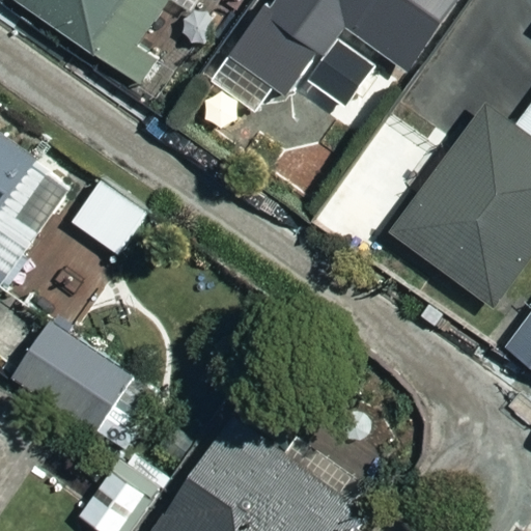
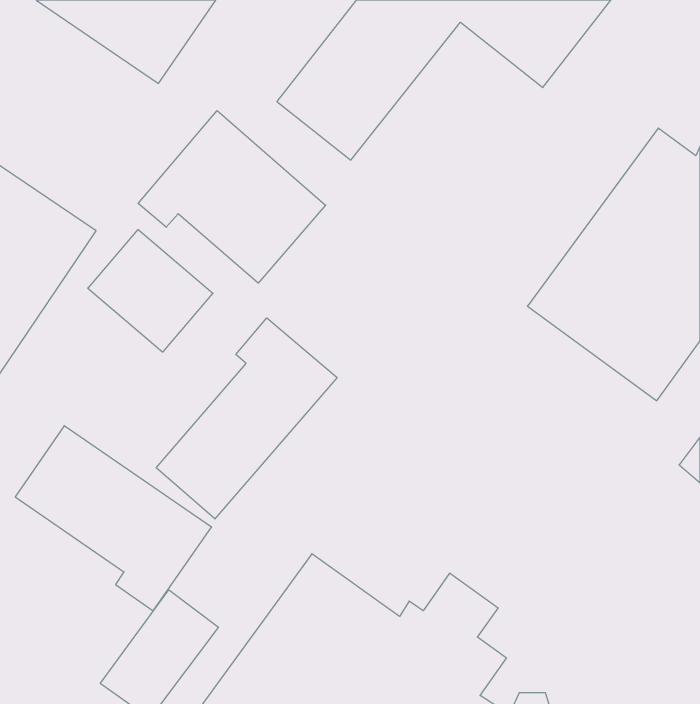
building: none -> [138,111,326,283]
building: none -> [156,318,337,519]

